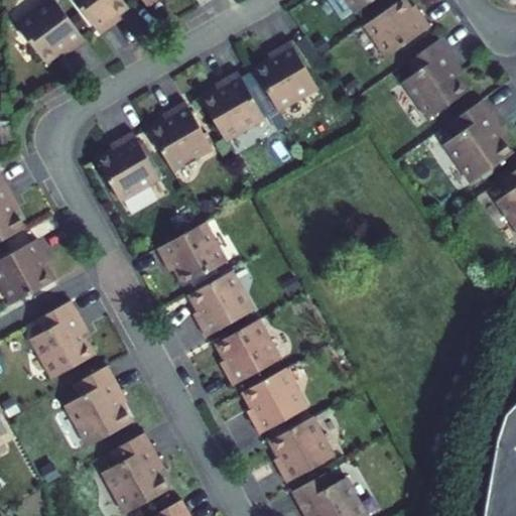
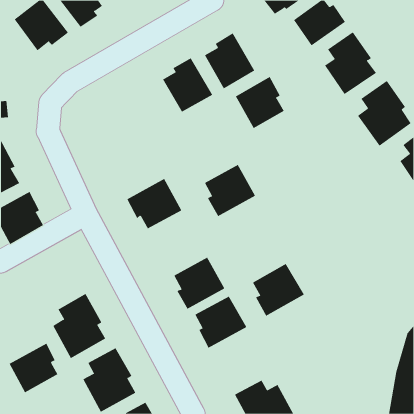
building: none -> [235,76,284,129]
building: [148,101,213,171] -> none
building: [96,131,160,201] -> none
building: [188,271,253,337] -> [204,164,256,217]
building: [30,300,95,378] -> none
building: [269,416,335,483] -> [252,263,305,317]
building: none -> [9,343,58,393]

